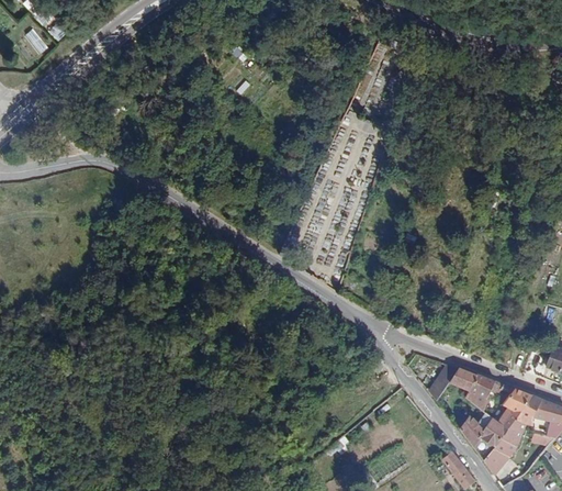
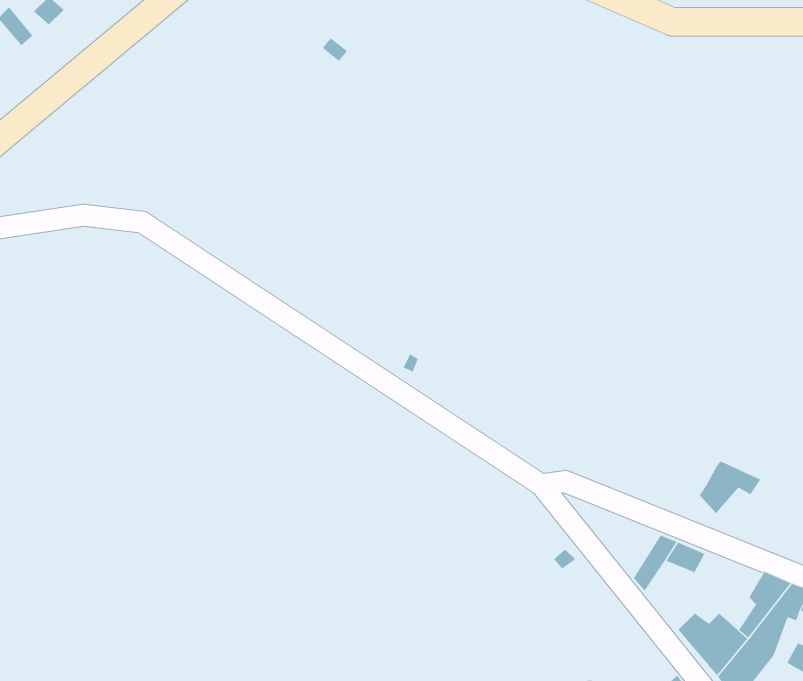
building: [464,373,504,408] -> [699,461,761,514]

